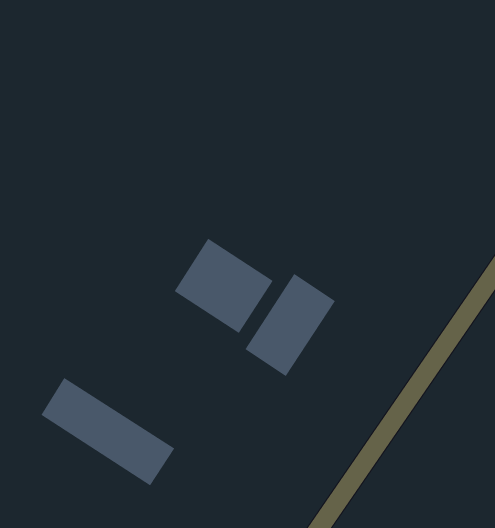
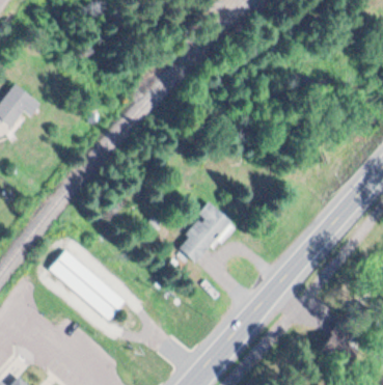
building: [174,238,273,334] -> none

